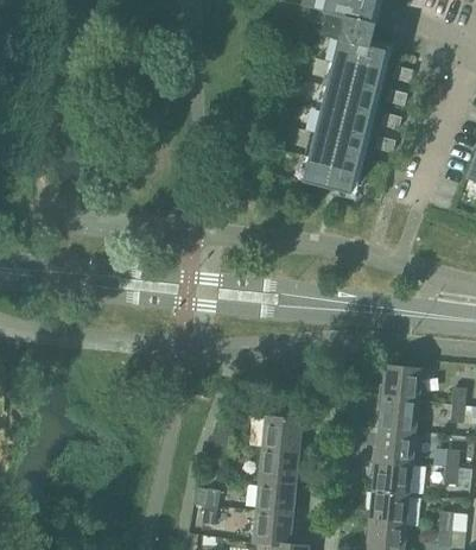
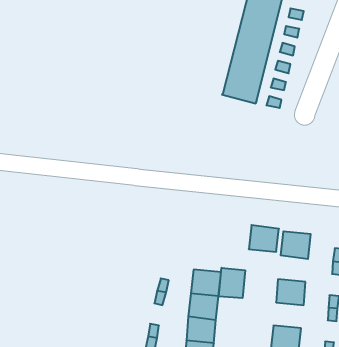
building: [379,397,419,432] -> [249,225,279,252]
building: none -> [219,268,245,298]
building: [373,460,413,494] -> none

